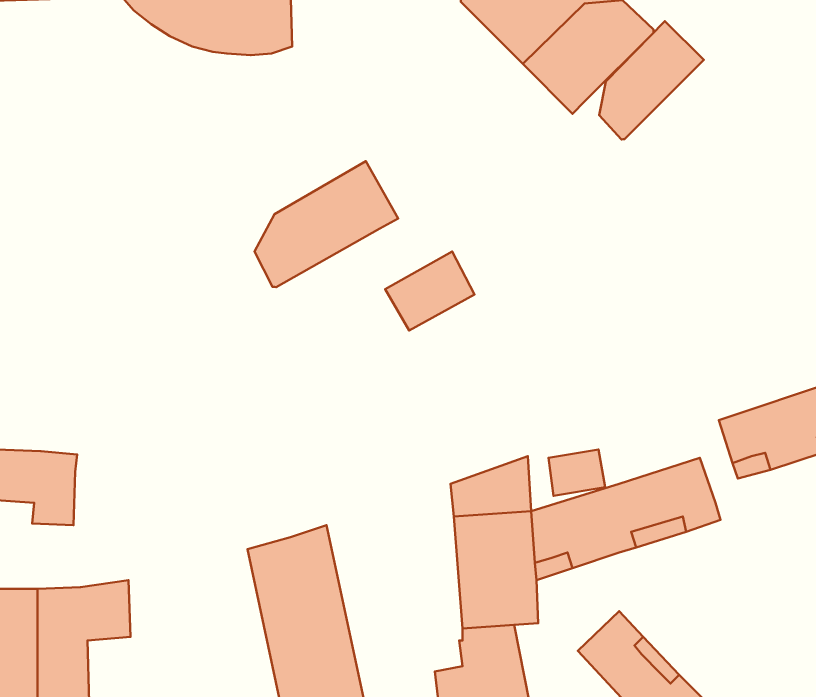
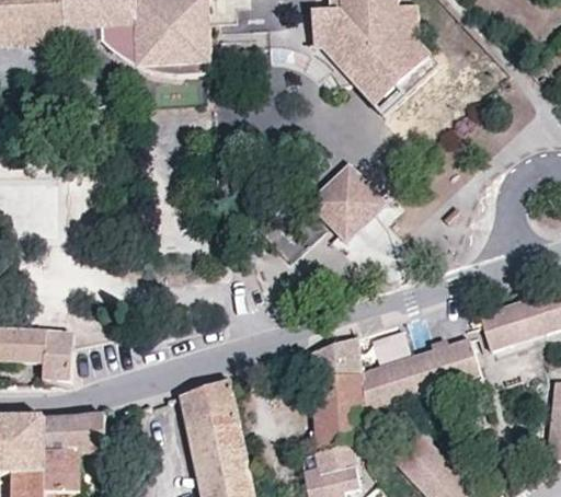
building: [599,21,704,139] -> none
building: [254,161,398,287] -> none
building: none -> [313,166,386,239]

